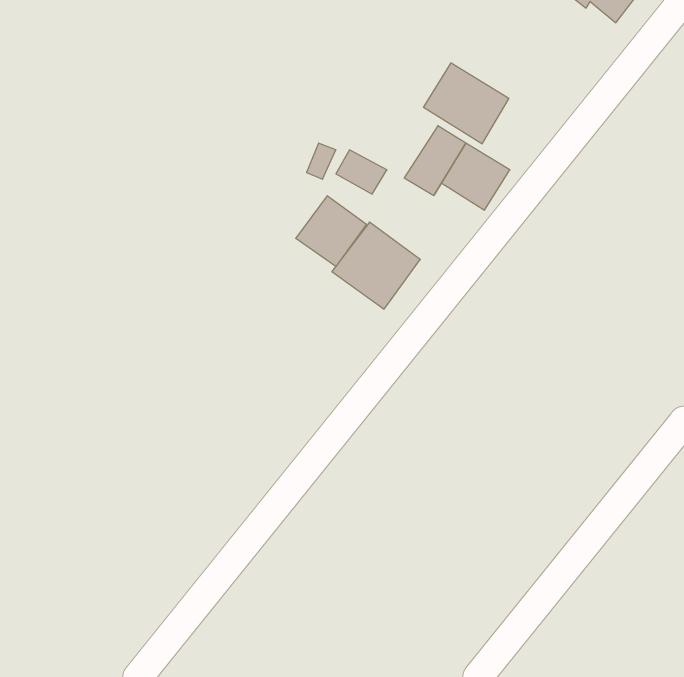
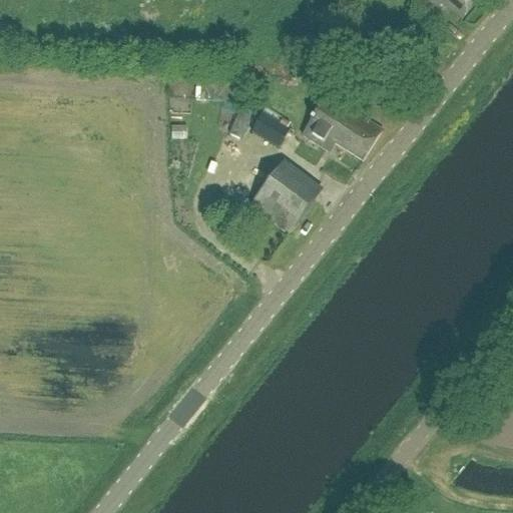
building: [424,63,509,144] -> none
building: [296,196,366,267] -> none

